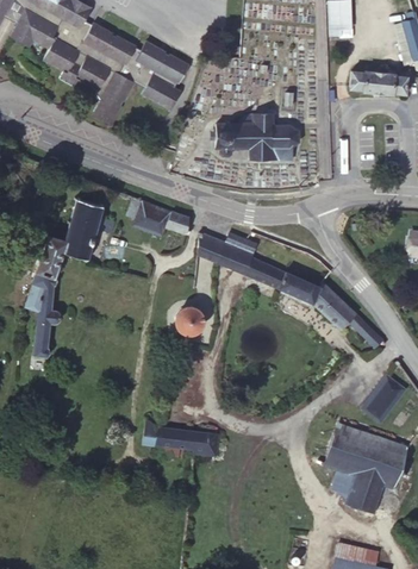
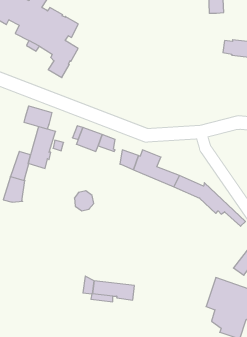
building: [116,42,188,111] -> none
building: [214,114,298,161] -> none
building: none -> [24,106,52,129]
building: [175,306,204,336] -> [74,191,94,211]
building: [32,309,58,356] -> none

